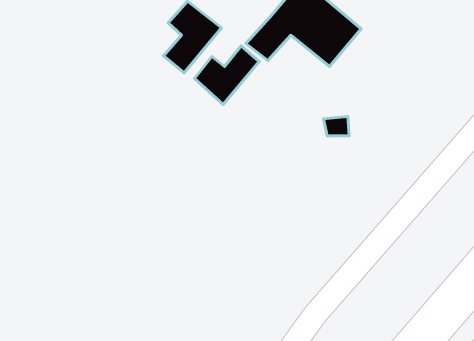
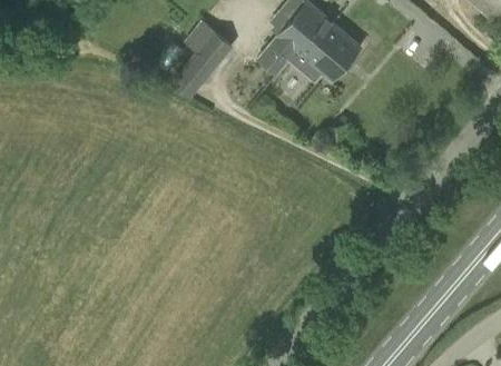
building: [194,46,259,104] -> none

